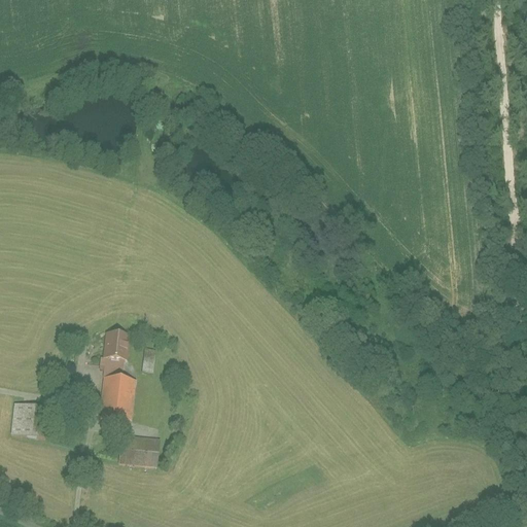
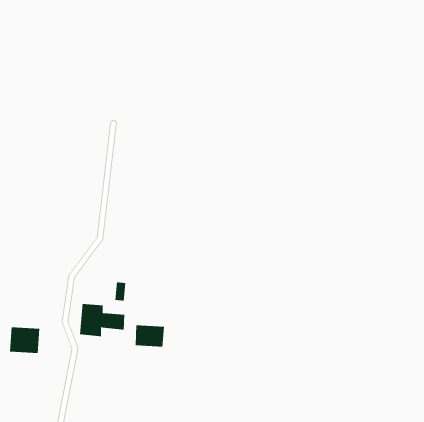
building: [103,332,129,362] -> none
building: [119,434,156,462] -> [135,325,165,347]

